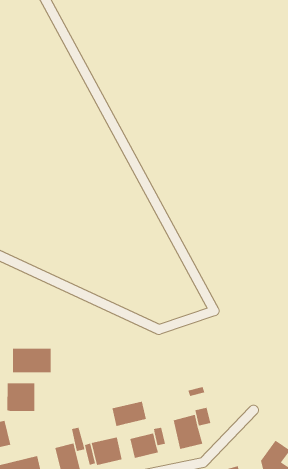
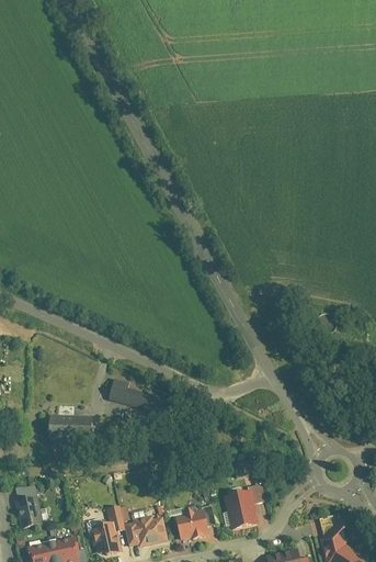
building: none -> [106,384,156,412]
building: [7,383,35,412] -> none
building: [112,401,146,427] -> none

